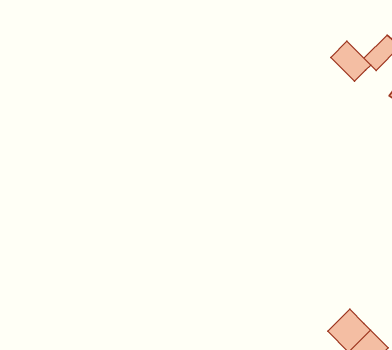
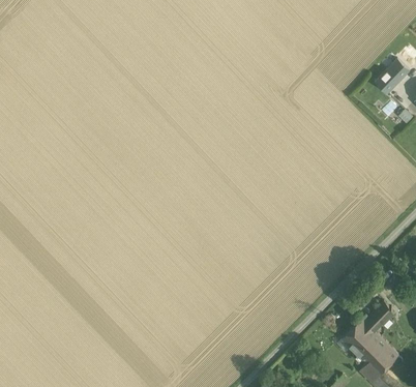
building: [331,41,371,81] -> none
building: none -> [361,301,394,331]

